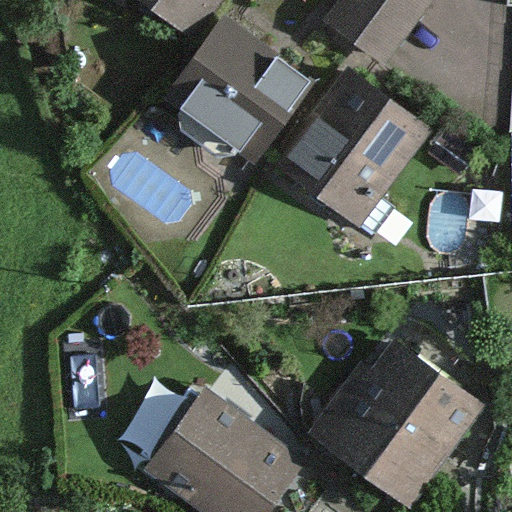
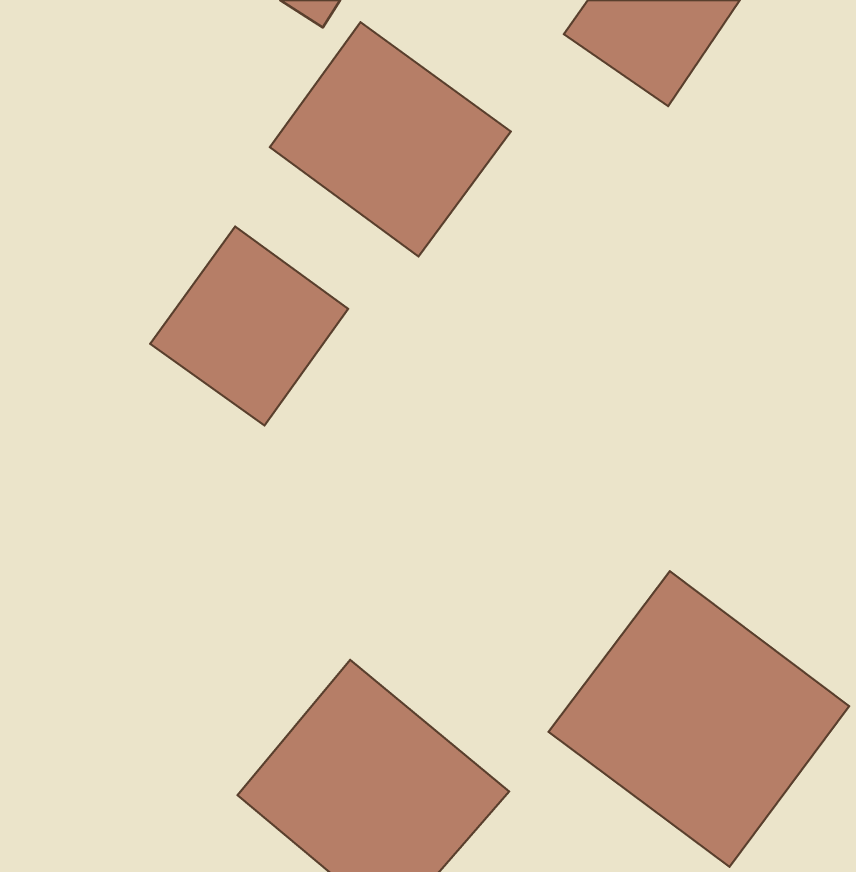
building: [276,73,413,215] -> none
building: none -> [150,227,348,426]

